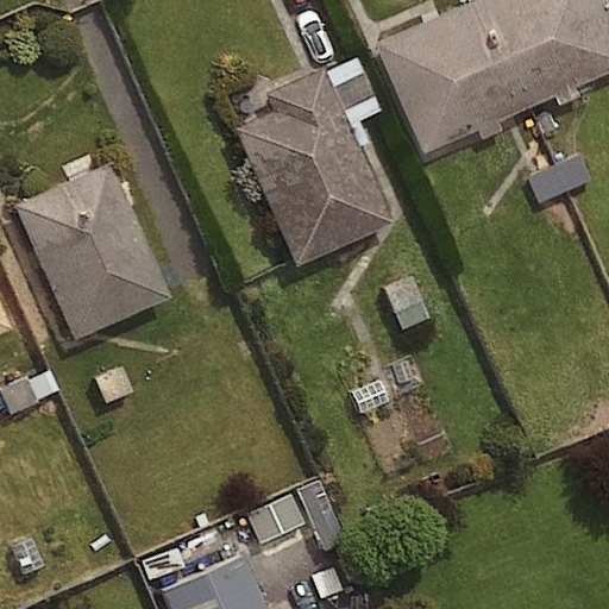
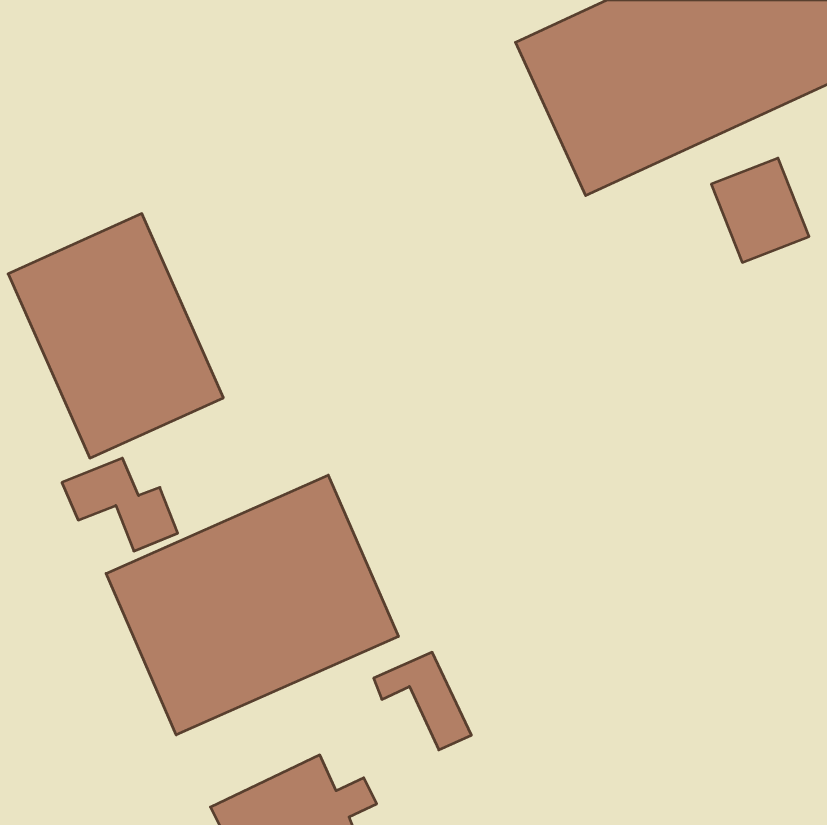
building: [239,70,397,269] -> none
building: none -> [106,475,398,735]

